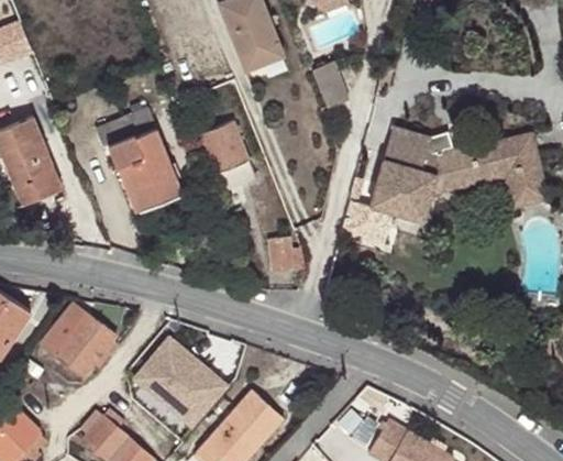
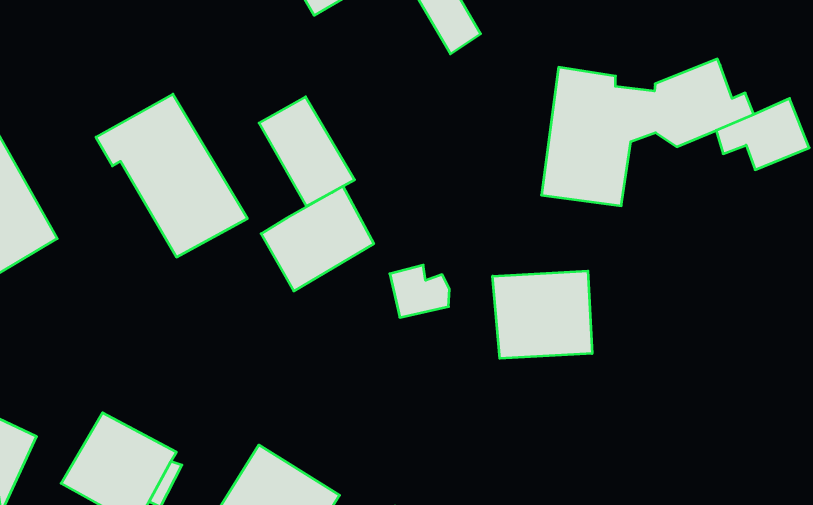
building: [497,135,538,177] -> none
building: none -> [261,186,374,291]
building: none -> [493,271,592,358]

